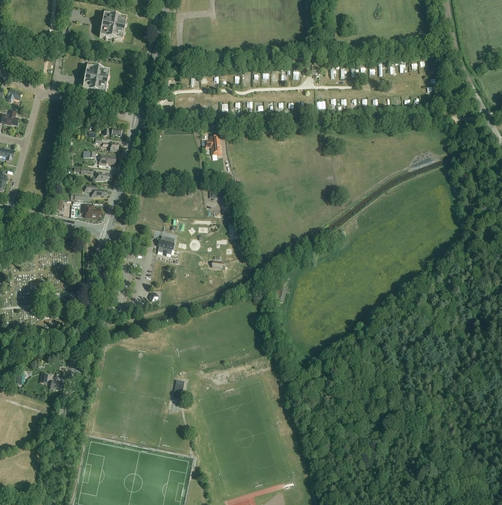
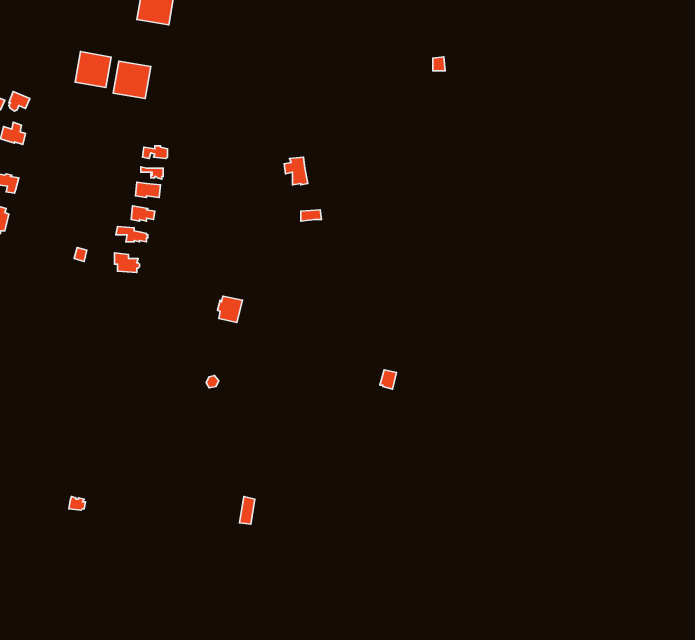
building: none -> [75,52,111,88]

